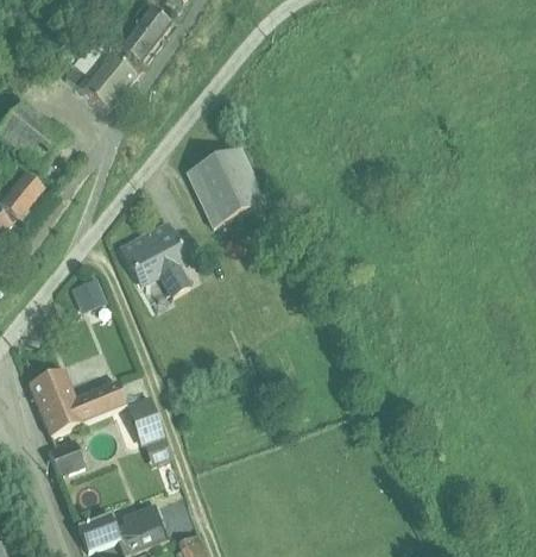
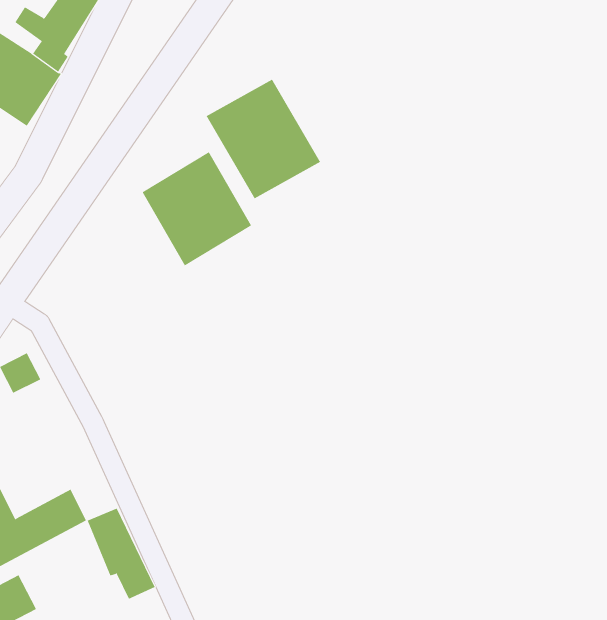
building: none -> [206,79,321,199]
building: [120,220,191,294] -> none

